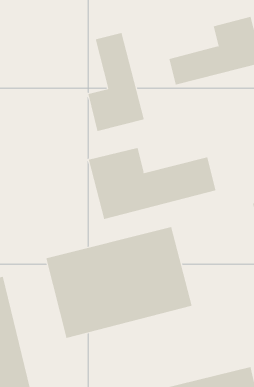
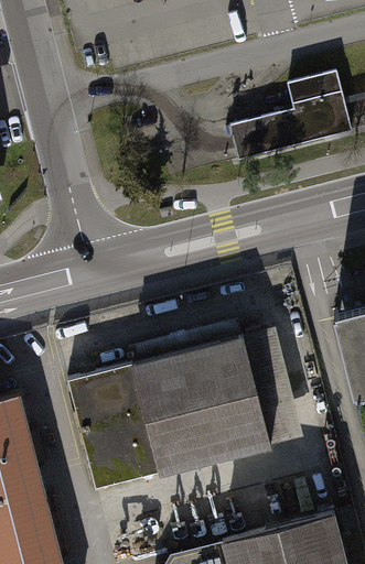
building: [88,32,144,132] -> none
building: [88,147,216,220] -> none

